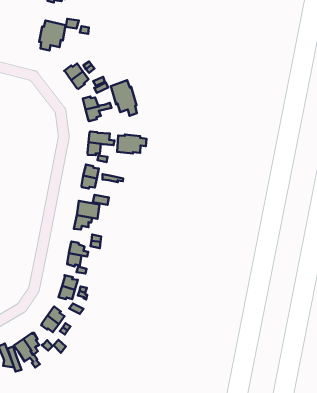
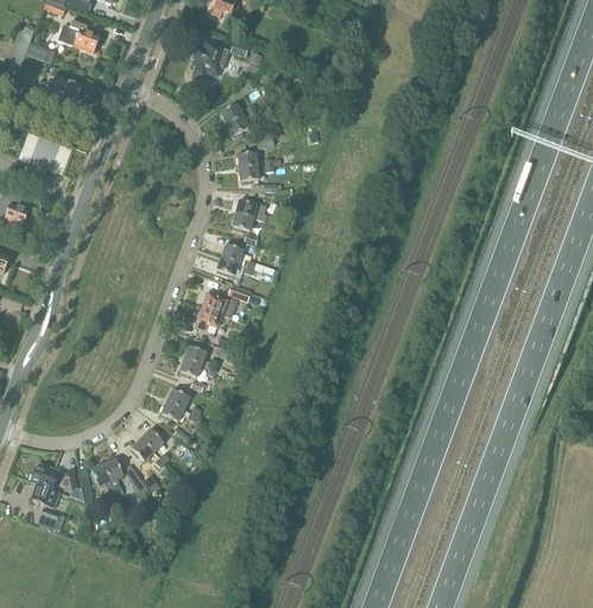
building: [111,80,137,116] -> none
building: [117,134,146,154] -> none

